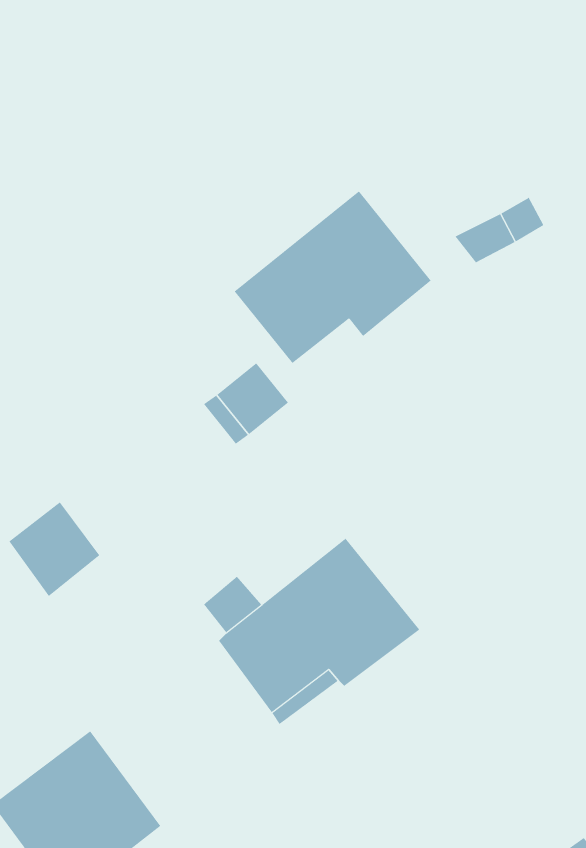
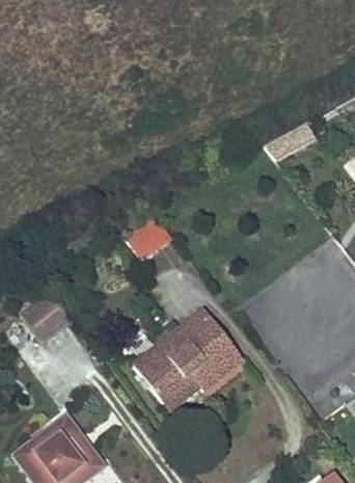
building: [234,191,432,364] -> none

